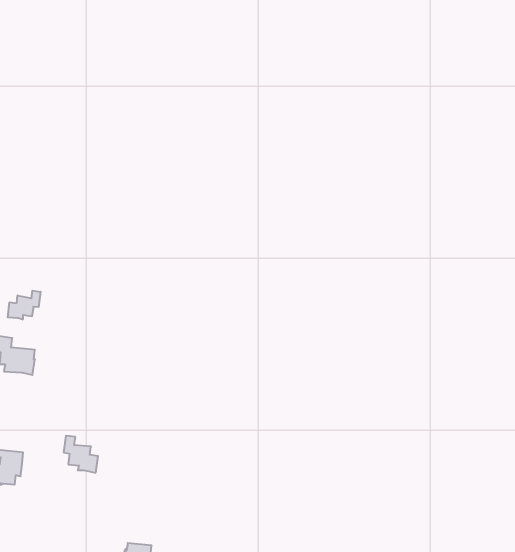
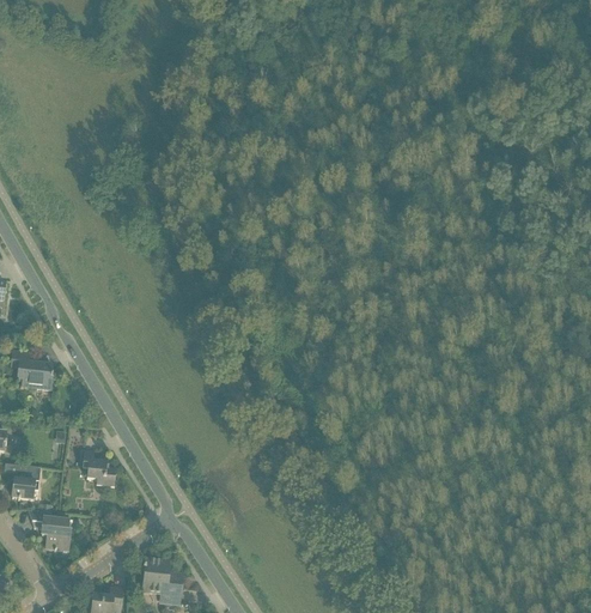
building: [8,291,41,320] -> none
building: none -> [28,510,71,551]

